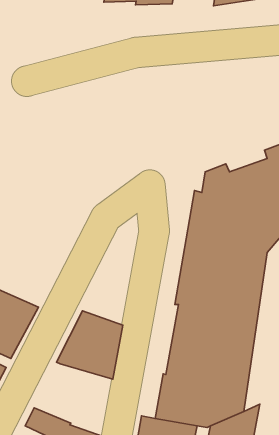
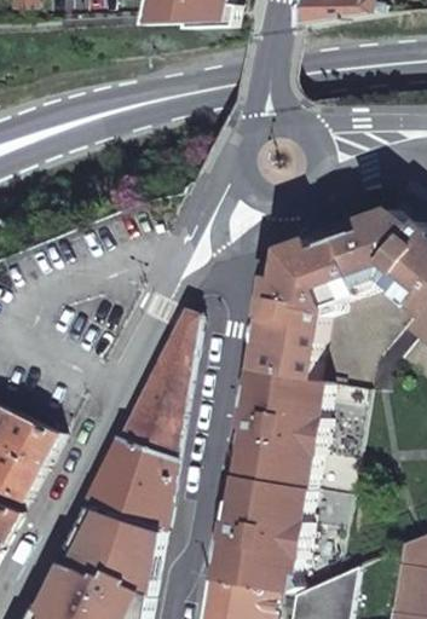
building: none -> [119,310,197,455]
building: none -> [70,507,160,591]

